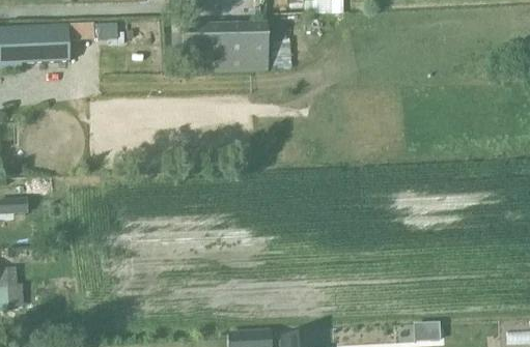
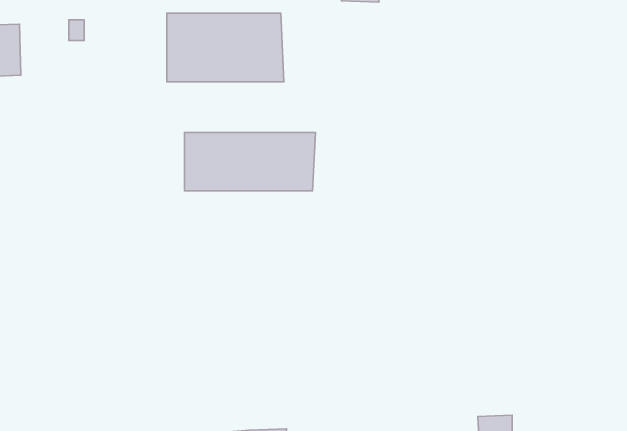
building: none -> [185,133,316,191]

